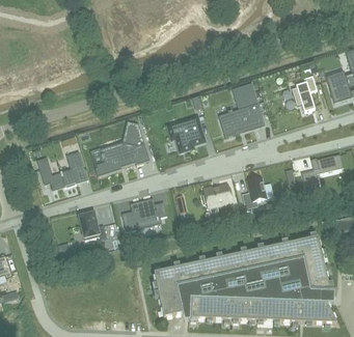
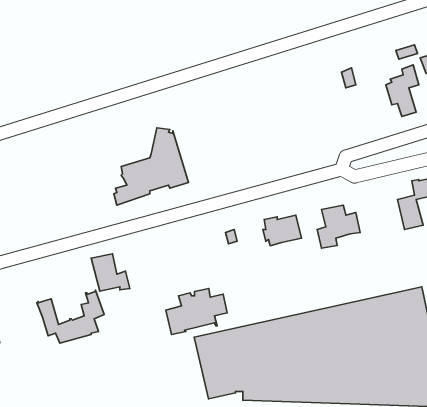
building: [219,82,264,136] -> none
building: [168,116,205,150] -> none
building: [36,150,85,189] -> [37,290,104,343]
building: [122,197,167,230] -> [166,289,227,334]

